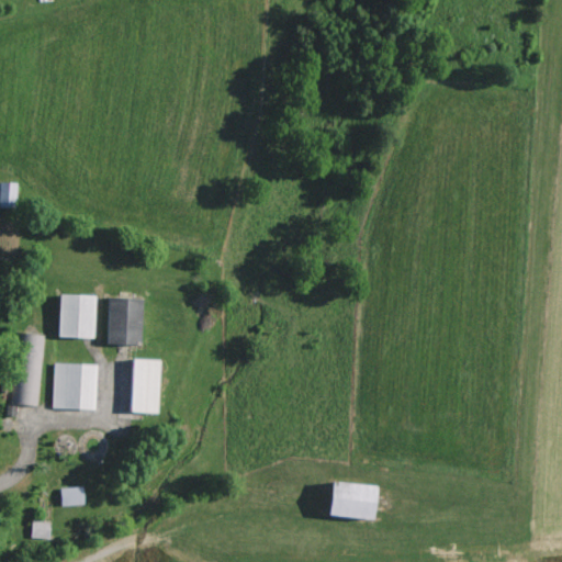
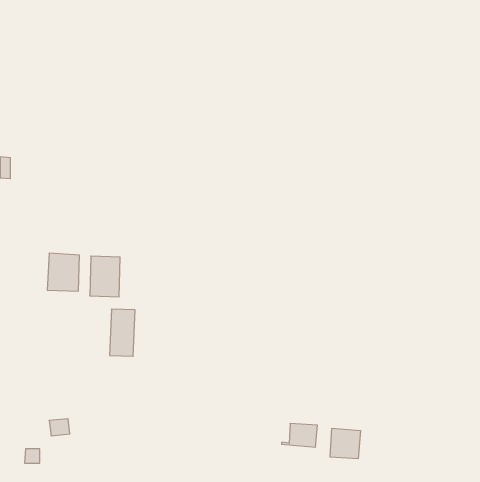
building: [53,363,97,411] -> none
building: none -> [330,428,361,459]

